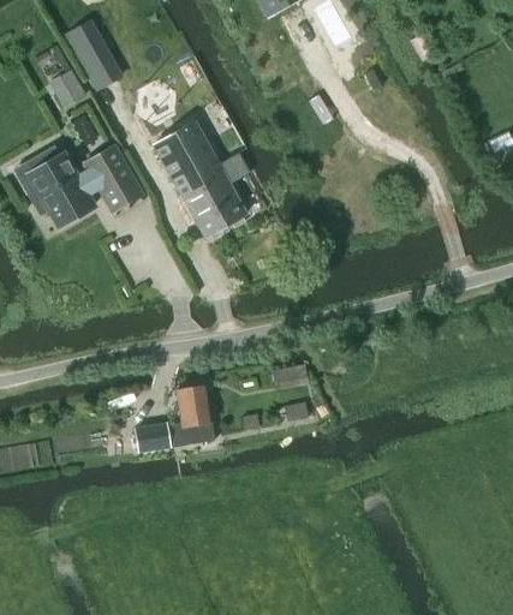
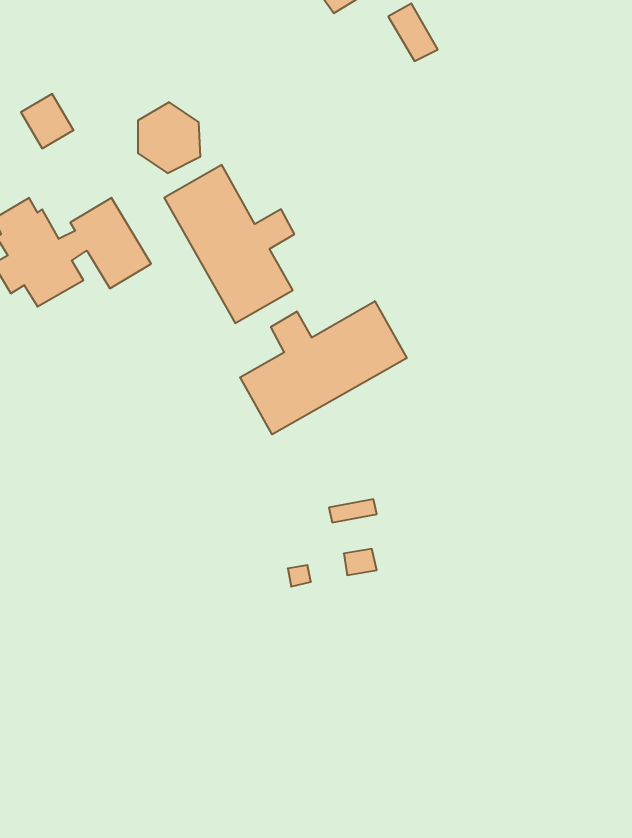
building: [64,20,117,90] -> none
building: none -> [240,301,407,434]
building: [138,384,215,450] -> none

